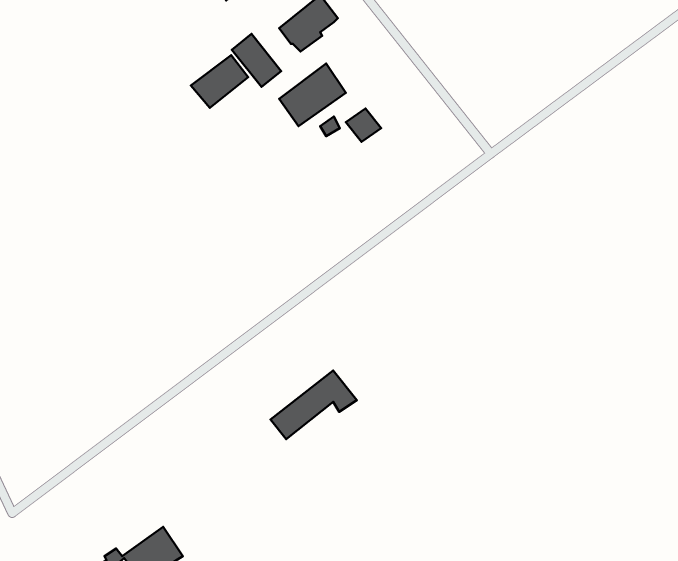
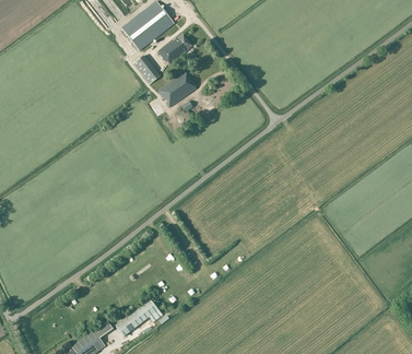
building: [191,55,248,108] -> none
building: [271,371,357,439] -> [115,299,163,338]

